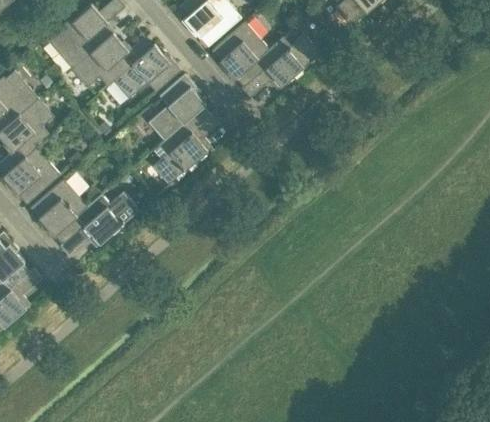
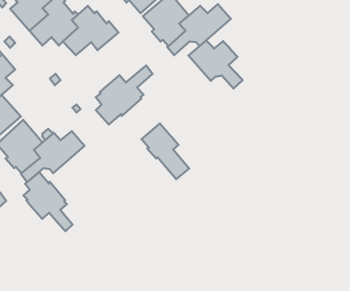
building: [148,74,211,139] -> none
building: none -> [189,40,242,88]
building: none -> [141,124,189,179]
building: none -> [24,172,72,231]

